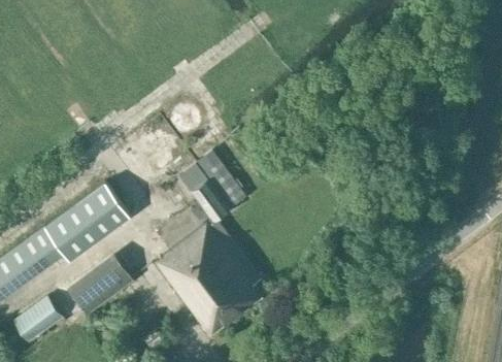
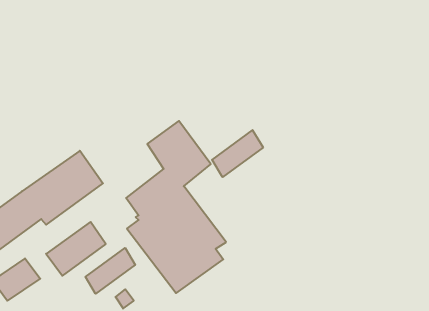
building: none -> [212,130,263,177]
building: none -> [85,248,135,294]

